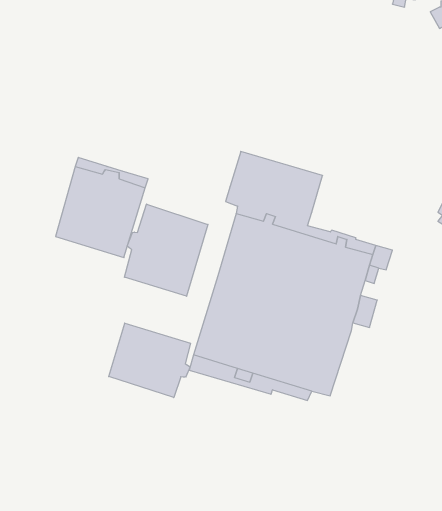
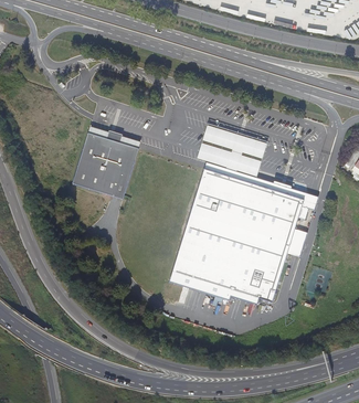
building: [124,204,208,296] -> none
building: [109,323,190,398] -> none

